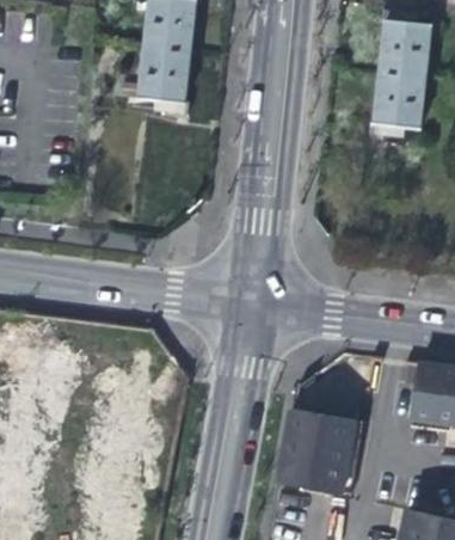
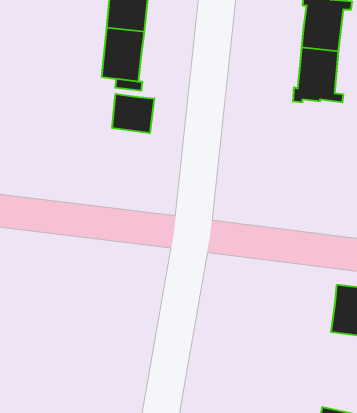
building: none -> [112,94,154,133]
building: [275,409,362,495] -> none

